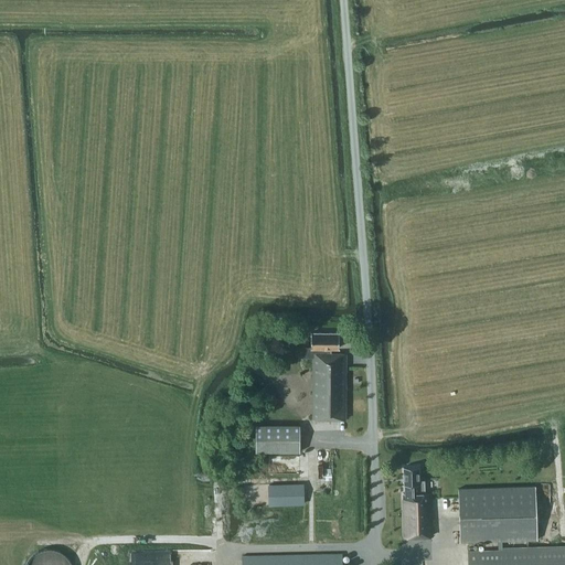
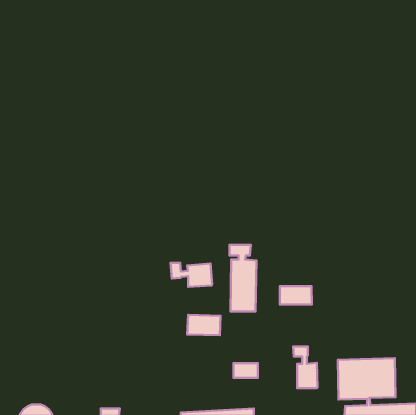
building: none -> [171,263,212,287]
building: none -> [280,286,312,305]
building: [268,484,301,504] -> [234,363,258,378]

